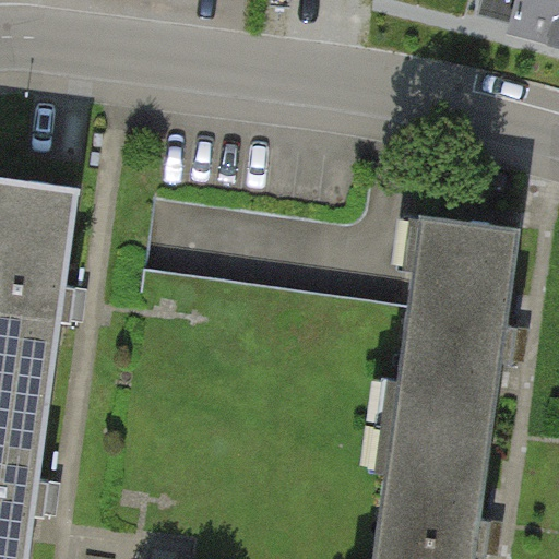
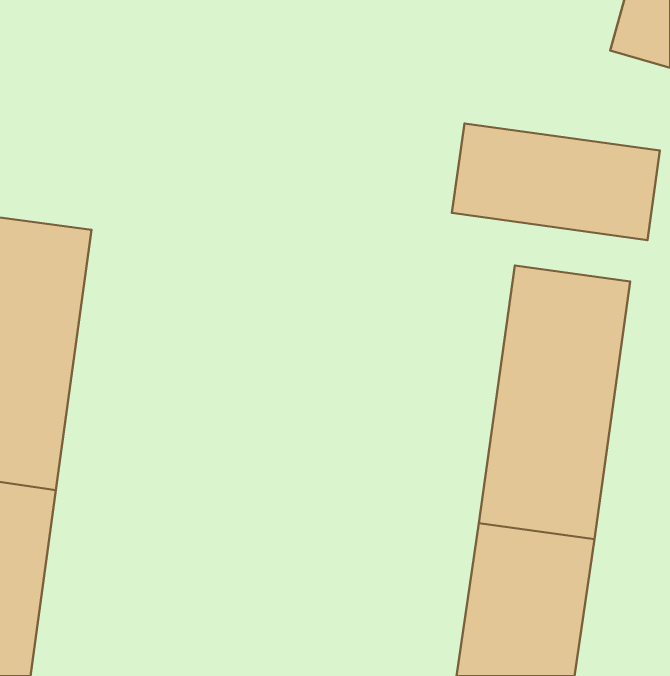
building: none -> [452,123,660,240]

